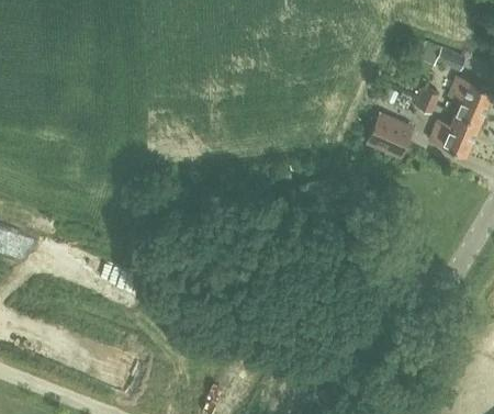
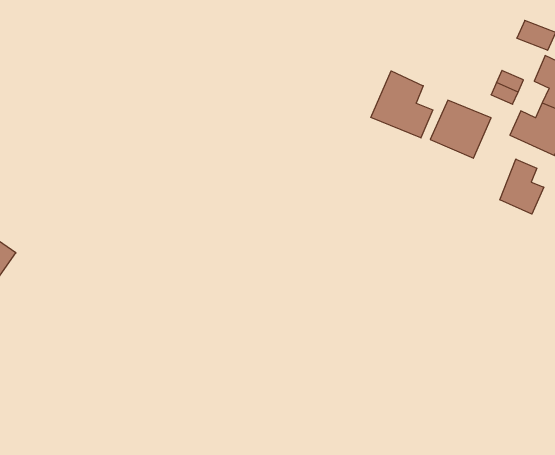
building: none -> [371,71,433,138]
building: none -> [500,159,544,214]

